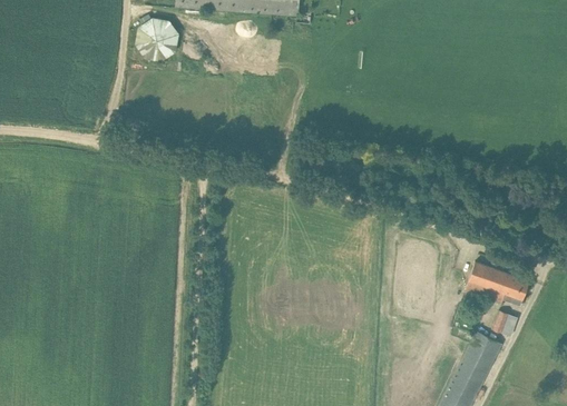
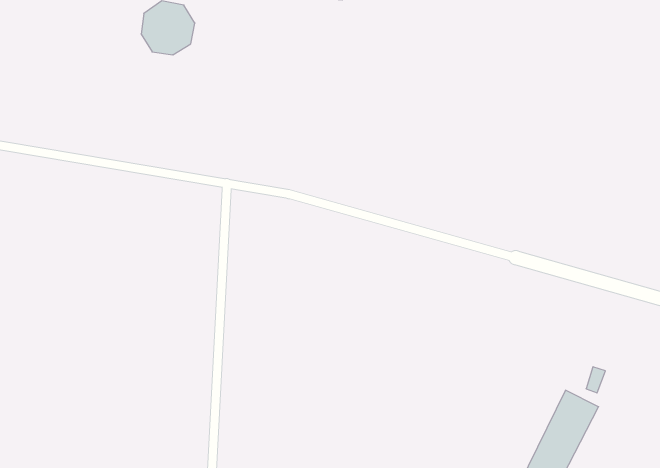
building: [465,258,528,301] -> none

